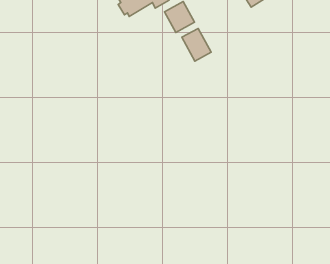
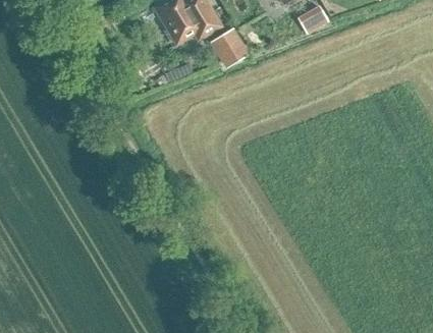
building: [182,28,211,61] -> none

